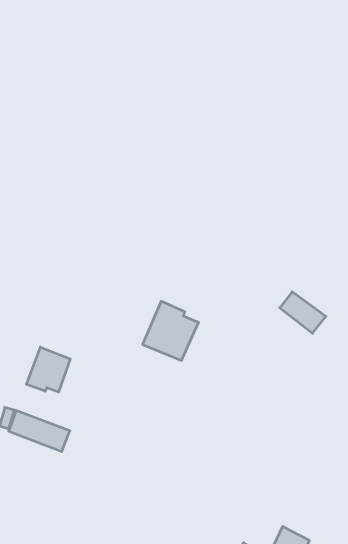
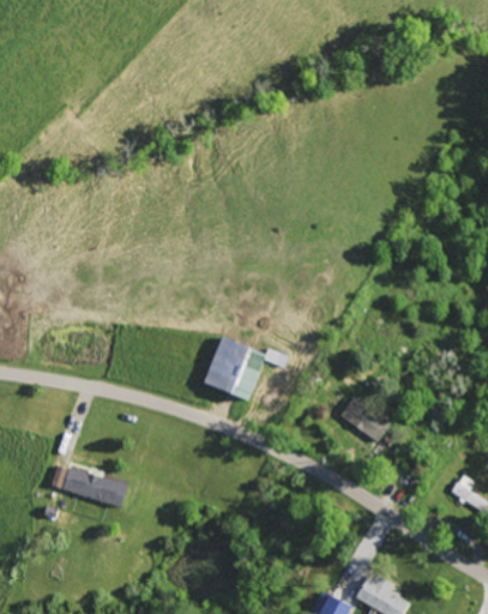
building: [280,292,326,333] -> [342,398,392,441]
building: [26,347,70,392] -> none

